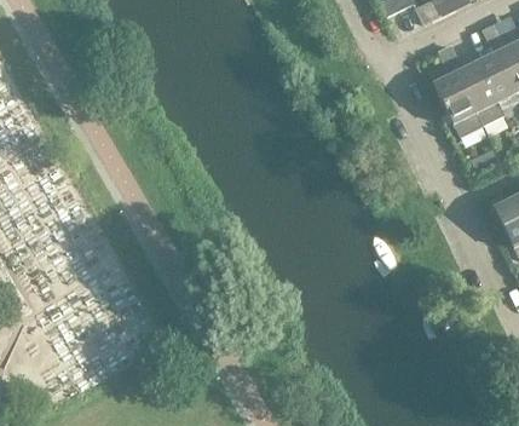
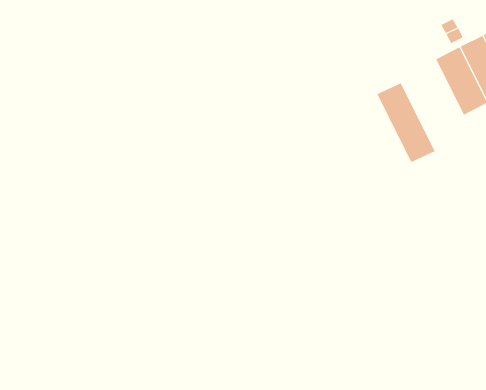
building: none -> [377,82,436,163]

